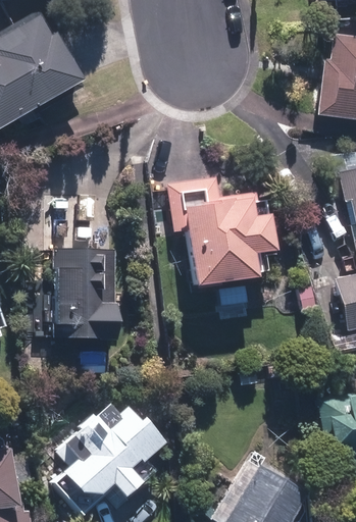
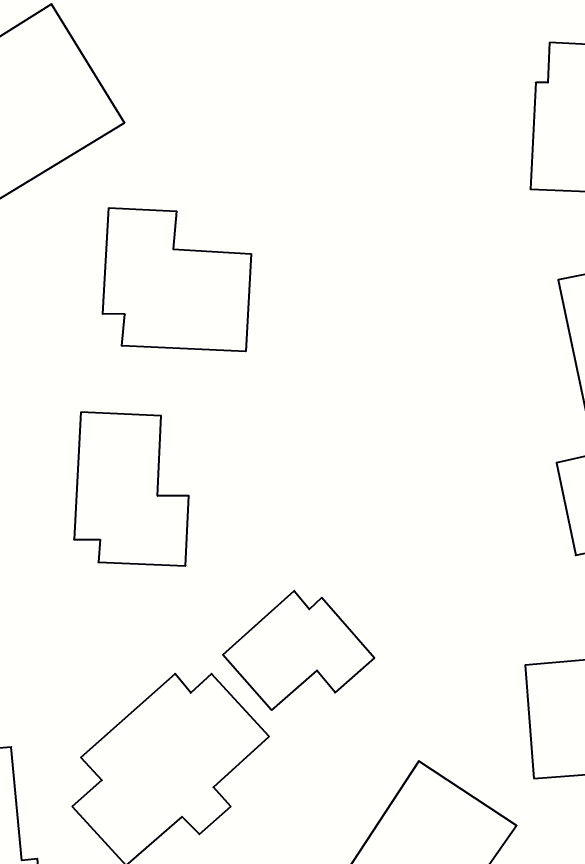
building: none -> [103,208,251,351]
building: [167,181,275,313] -> none
building: none -> [223,591,374,710]

